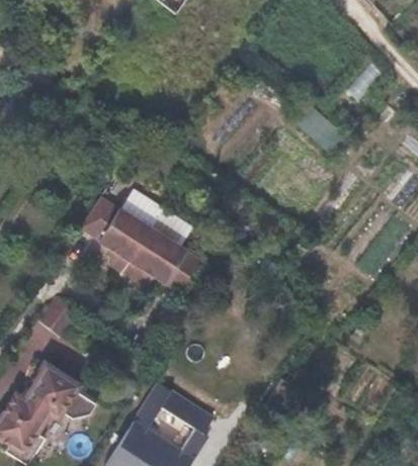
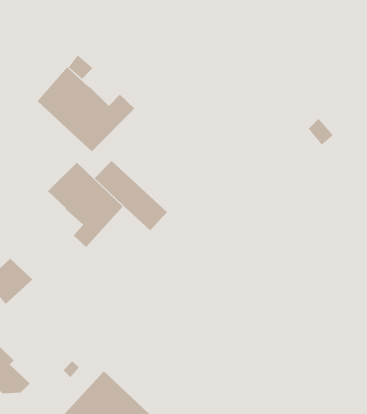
building: none -> [37,67,135,152]
building: [124,229,199,293] -> none

